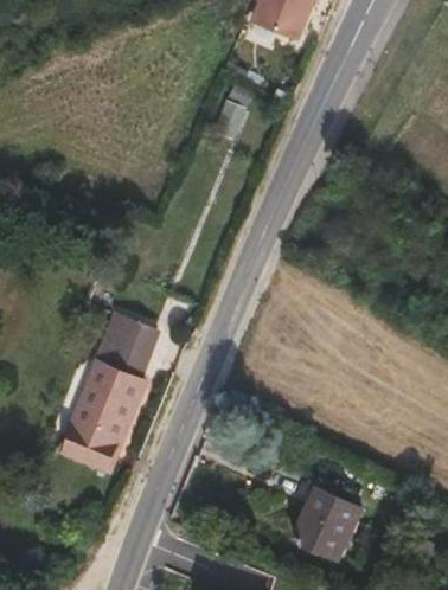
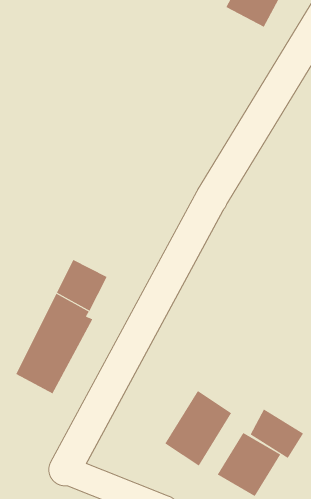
building: none -> [164,390,232,467]
building: none -> [250,408,304,459]

